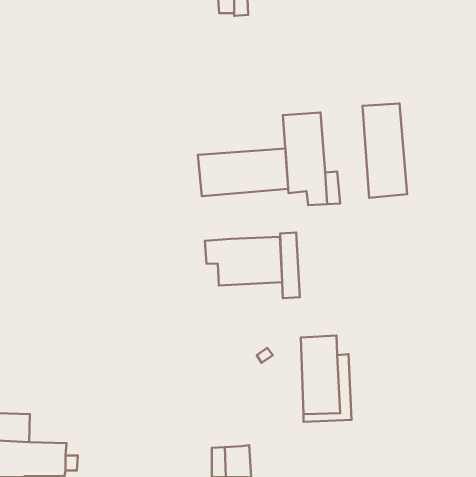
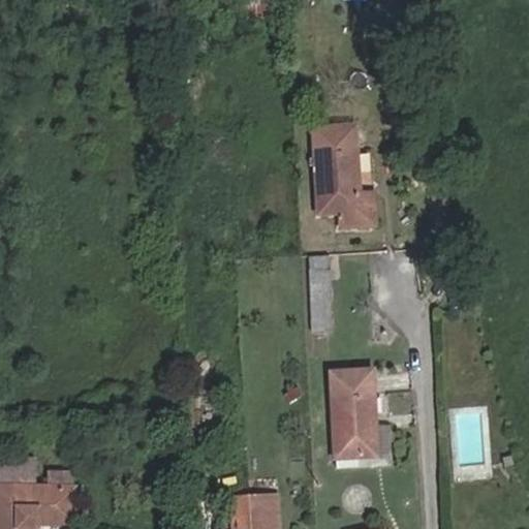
building: [363,103,407,198] -> none
building: [198,149,288,196] -> none
building: [205,237,282,286] -> none

